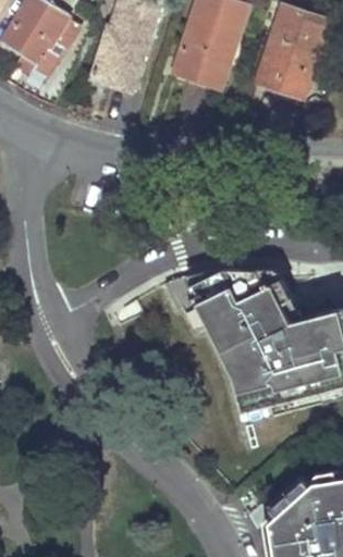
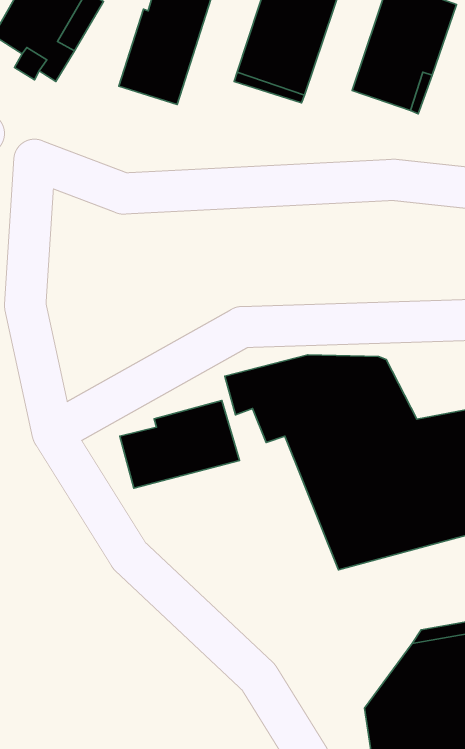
building: none -> [120,400,239,488]

